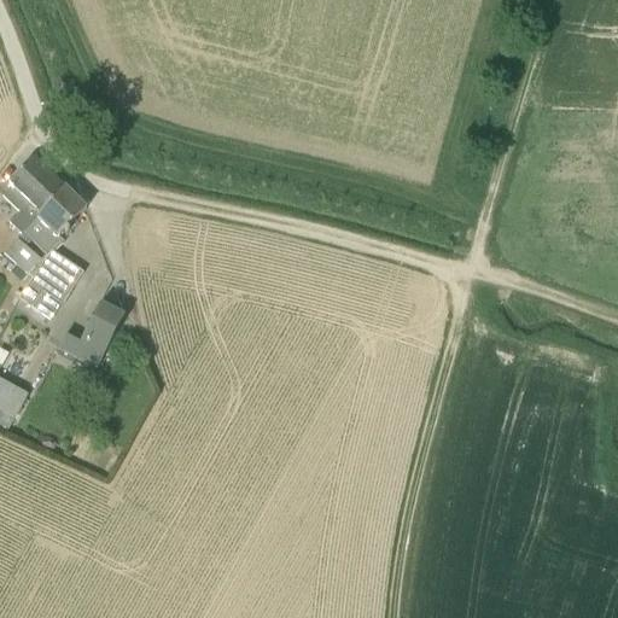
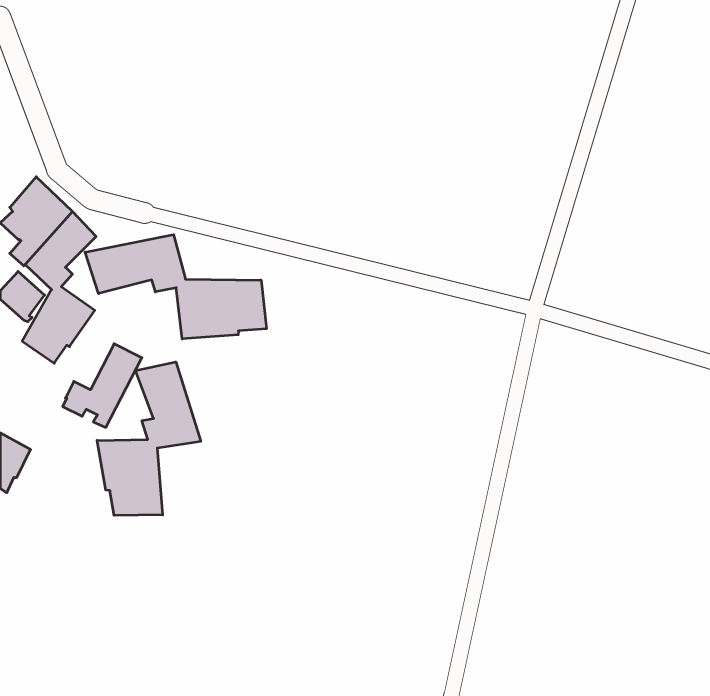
building: none -> [85,235,266,339]
building: none -> [97,362,201,515]

